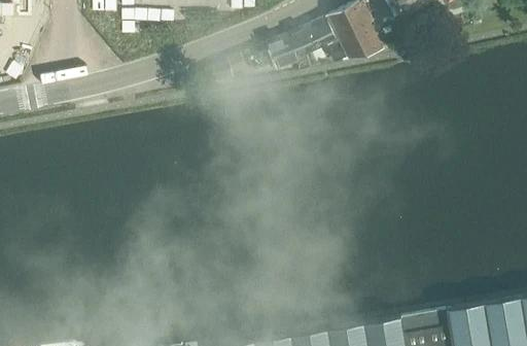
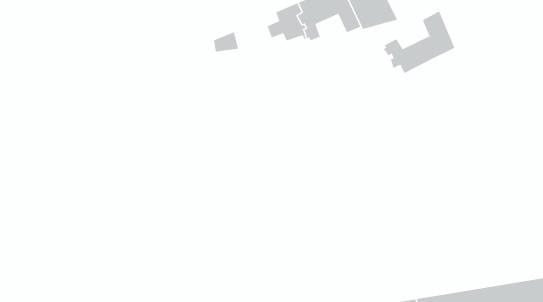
building: none -> [383,8,455,74]

